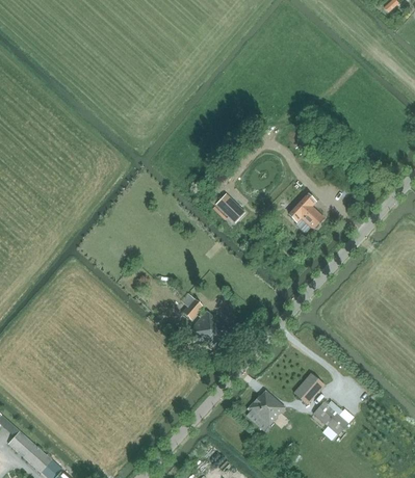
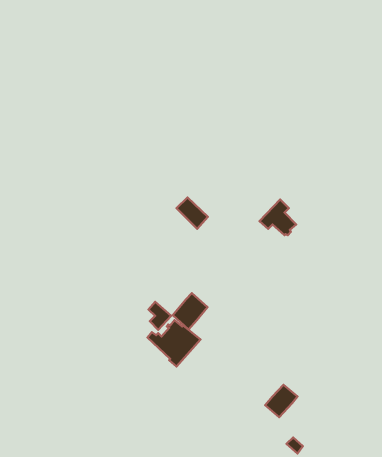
building: none -> [173,293,208,329]
building: [248,391,286,431] -> none
building: [314,402,349,435] -> none

